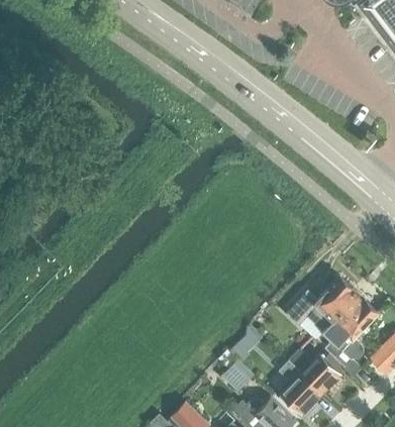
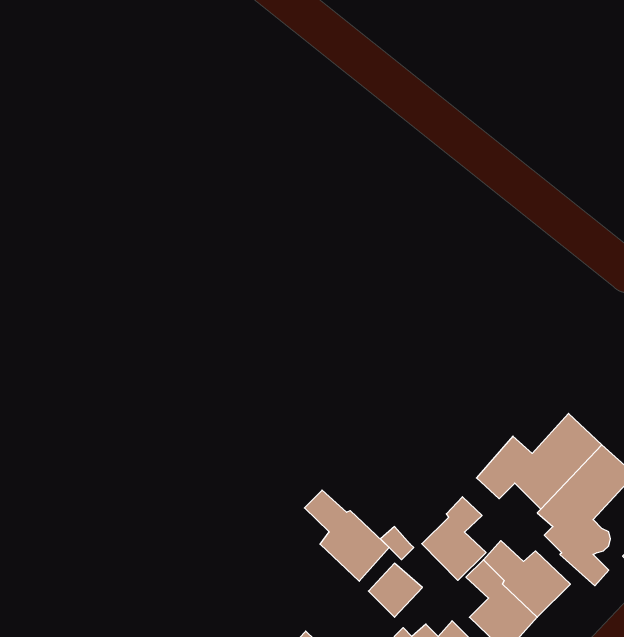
building: none -> [304,490,389,581]
building: none -> [422,497,486,580]

